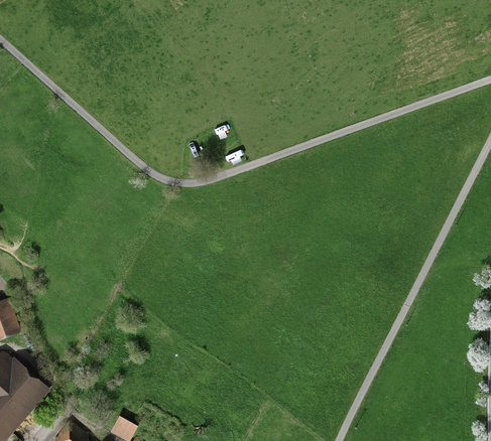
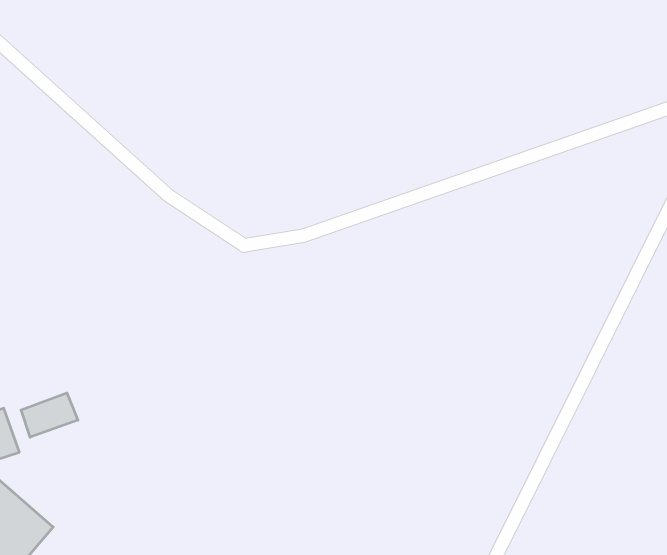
building: none -> [21,393,78,437]

